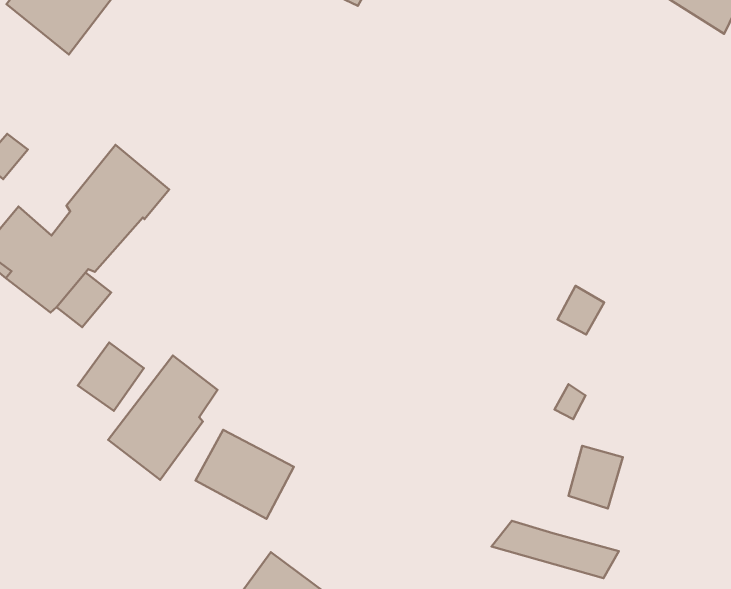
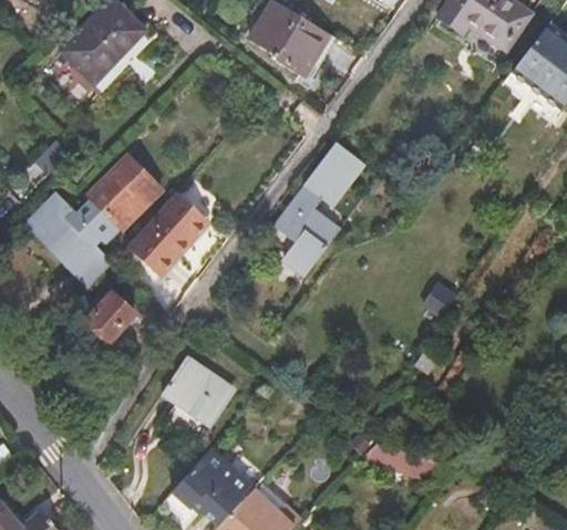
building: none -> [278,139,364,273]
building: [108,355,218,480] -> [126,190,205,276]
building: [568,446,623,509] -> none

